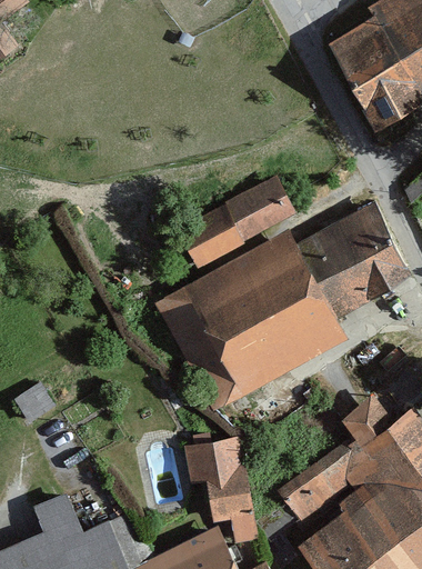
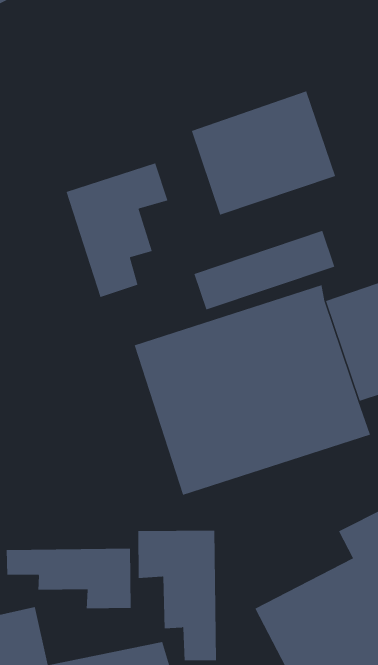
building: none -> [191,91,336,216]
building: none -> [66,162,168,298]
building: none -> [6,548,131,609]

